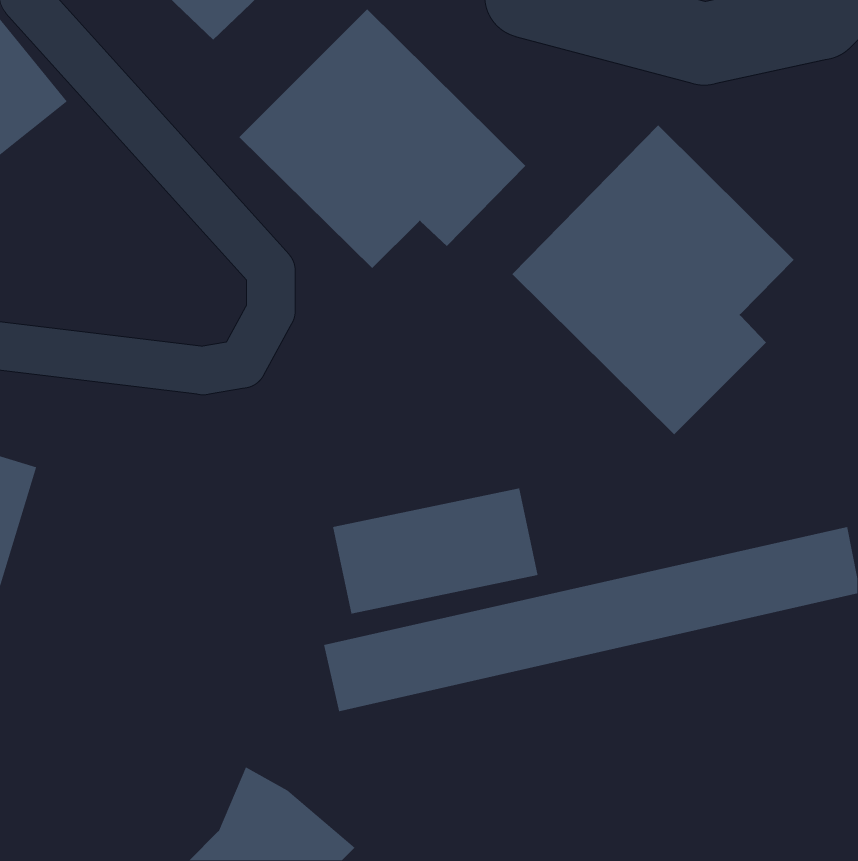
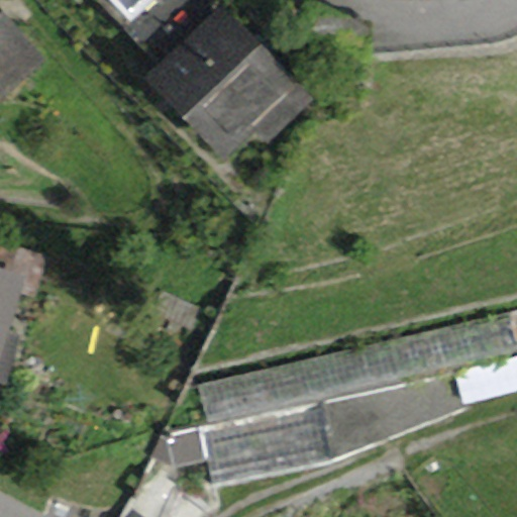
building: [511,125,794,435] -> none
building: [332,488,539,614] -> [197,406,320,482]

